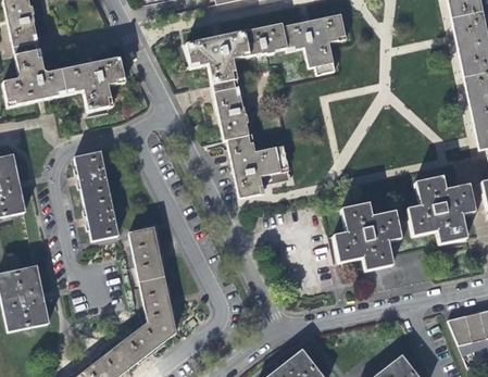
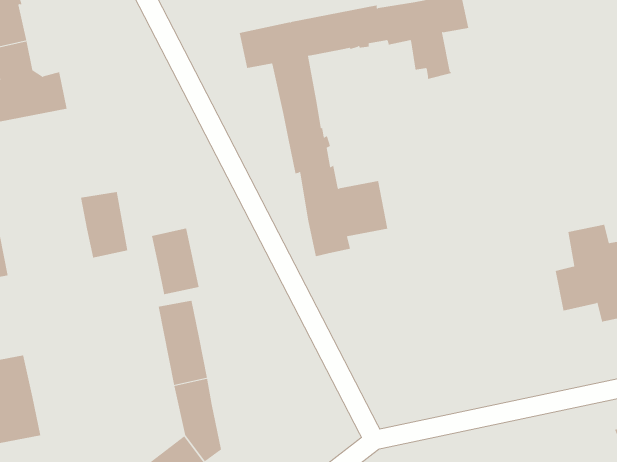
building: [61,56,127,111] -> none
building: [84,193,117,240] -> [151,228,199,295]
building: [333,202,401,269] -> none

